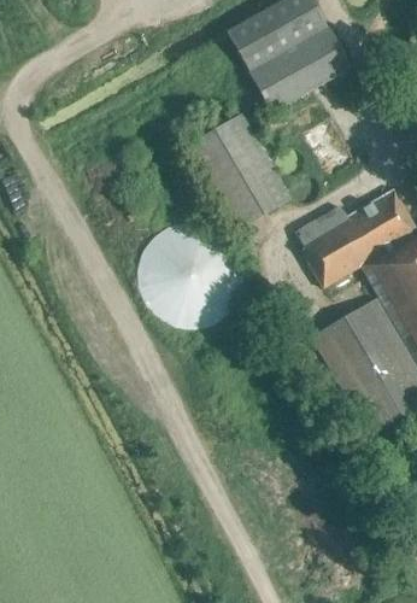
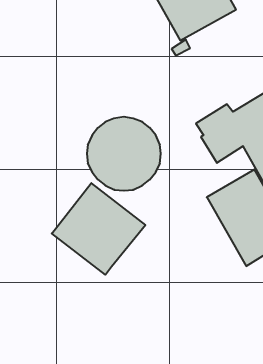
building: [184,112,292,230] -> none
building: none -> [52,183,145,275]

